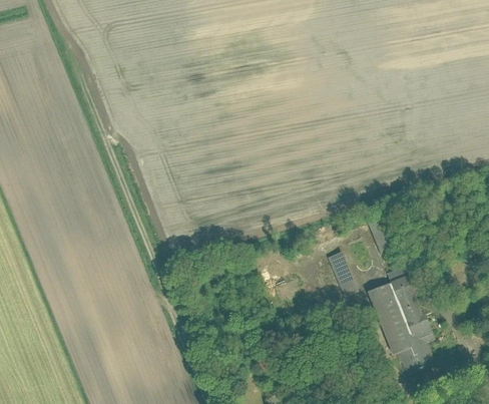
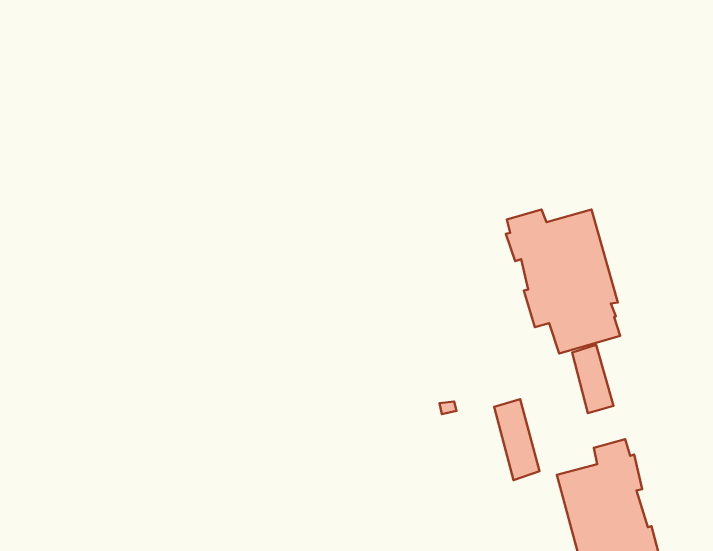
building: none -> [506,209,620,354]

